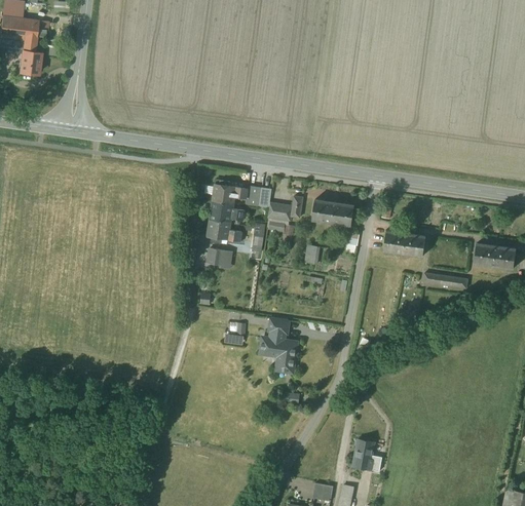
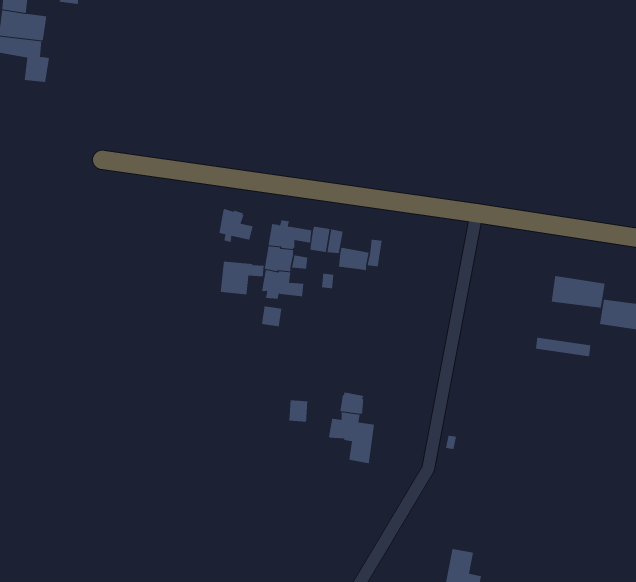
building: none -> [219,208,253,243]
building: [312,199,354,226] -> none
building: none -> [220,261,264,295]
building: [383,230,426,256] -> [551,276,606,308]

